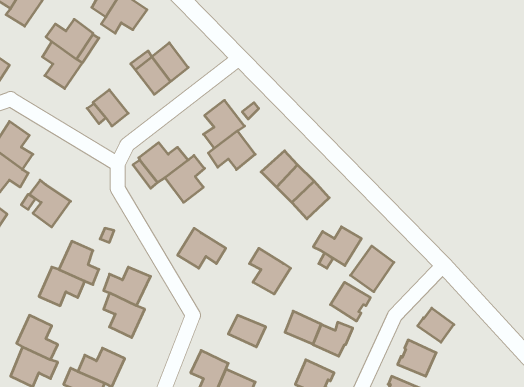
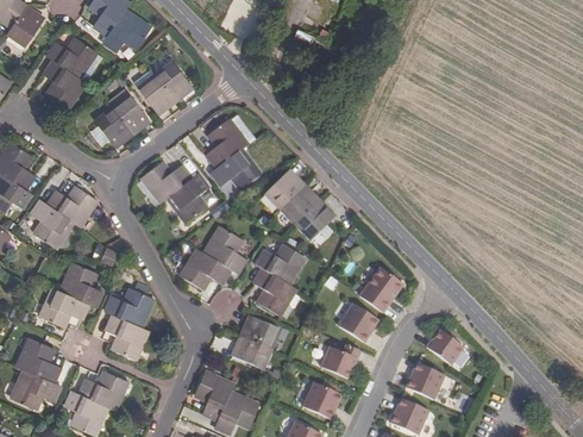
building: none -> [112,94,149,132]
building: none -> [48,186,96,225]
building: none -> [205,226,245,273]
building: [313,227,361,266] -> [256,245,305,285]
building: [285,311,321,344] -> [242,316,278,349]

